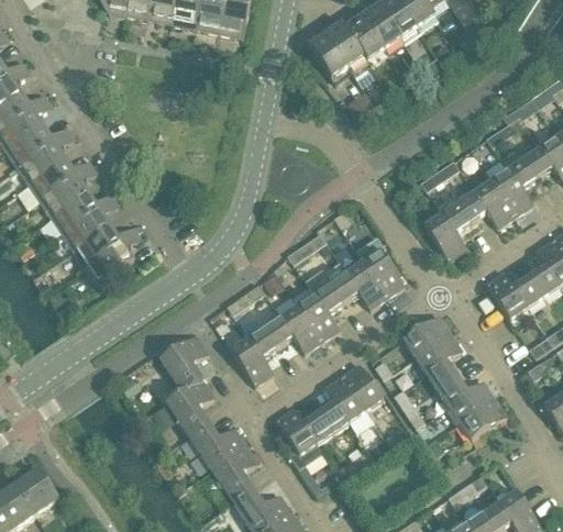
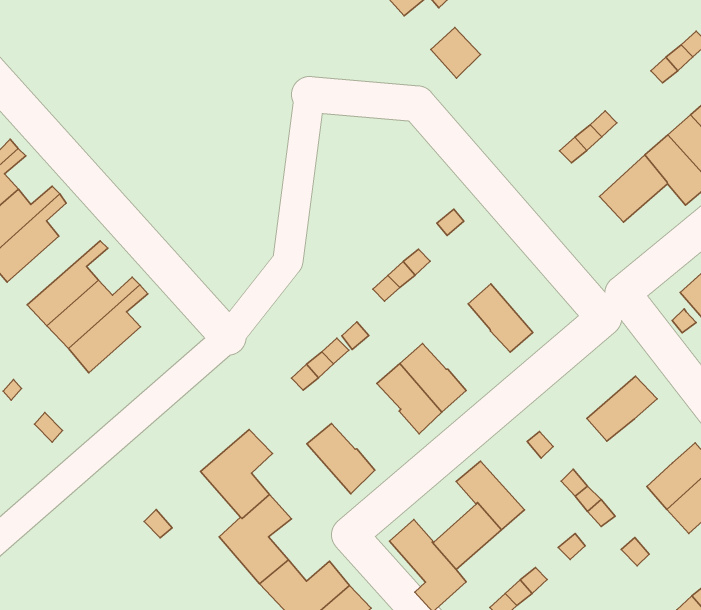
building: [51,192,114,234] -> none
building: [424,213,466,259] -> none
building: [358,239,405,296] -> none
building: [314,271,360,312] -> none
building: [249,315,295,356] -> none
building: [402,315,450,356] -> none
building: [426,361,466,406] -> none
building: [342,363,384,410] -> none

